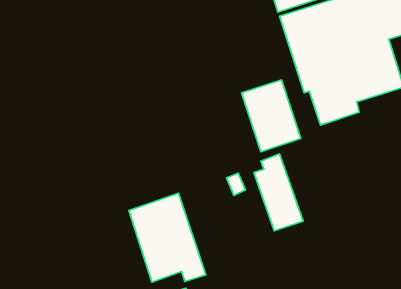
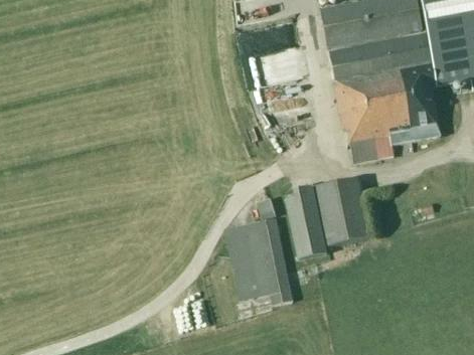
building: [242,80,301,152] -> [316,176,368,243]
building: [129,193,206,282] -> [224,217,292,304]

